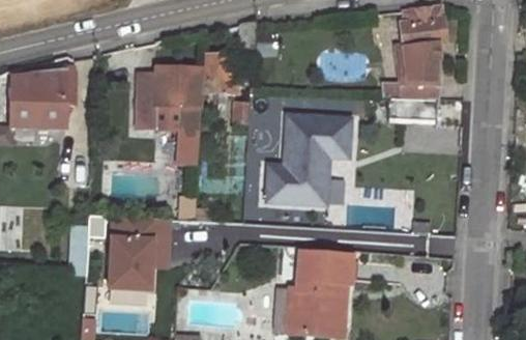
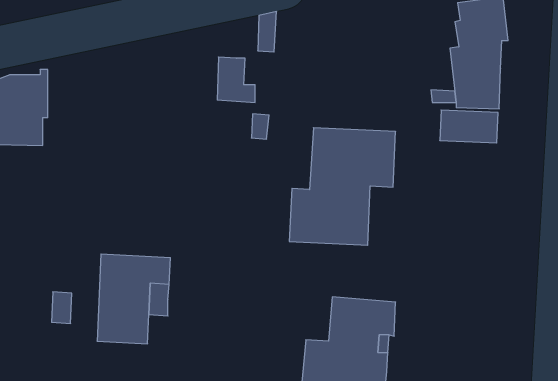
building: [136,66,204,164] -> none

